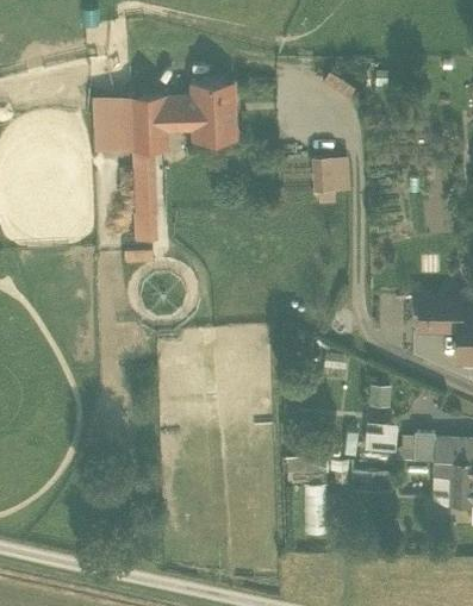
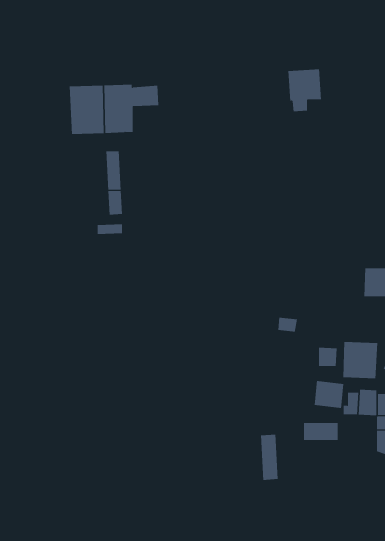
building: [191,83,235,143] -> none
building: [132,150,157,240] -> none
building: [312,157,350,205] -> [287,69,322,112]
building: none -> [343,341,378,379]

